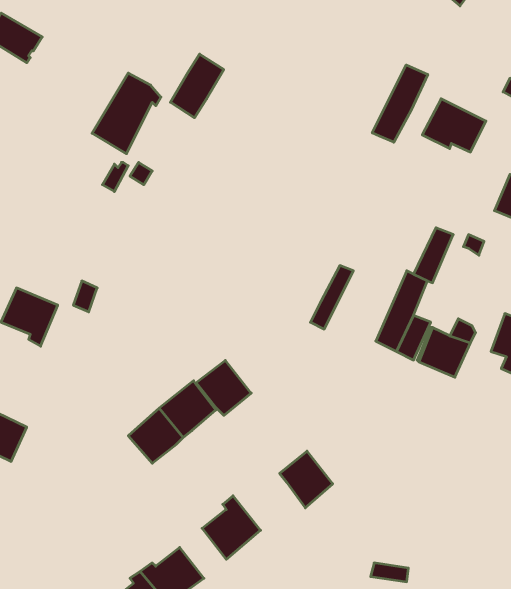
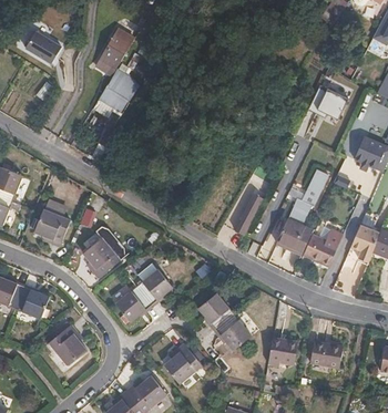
building: [170,54,224,118] -> [96,34,131,75]
building: [372,65,428,142] -> none
building: none -> [85,236,122,276]
building: [196,360,251,415] -> [197,291,233,327]
building: none -> [50,323,86,364]
building: none -> [268,338,297,362]
building: none -> [310,341,343,369]

